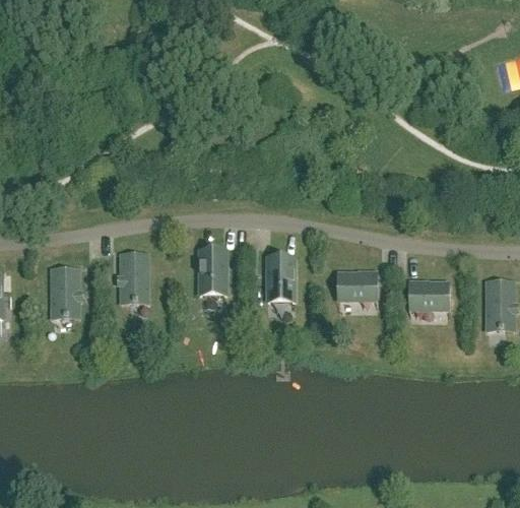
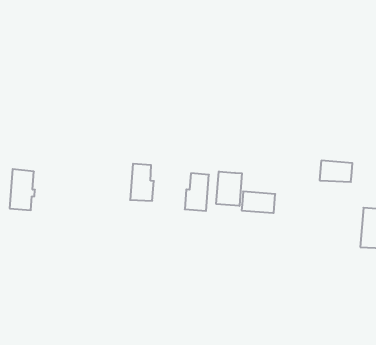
building: none -> [216,171,242,206]
building: [118,254,147,303] -> none
building: [409,282,448,307] -> [320,161,352,182]

